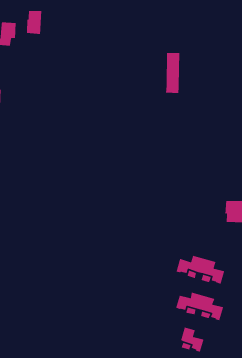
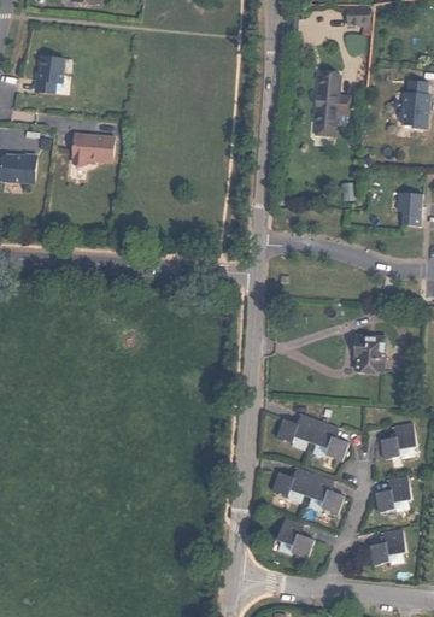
building: [26,10,42,35] -> none
building: [165,52,180,94] -> [312,75,338,137]
building: none -> [71,131,113,161]

